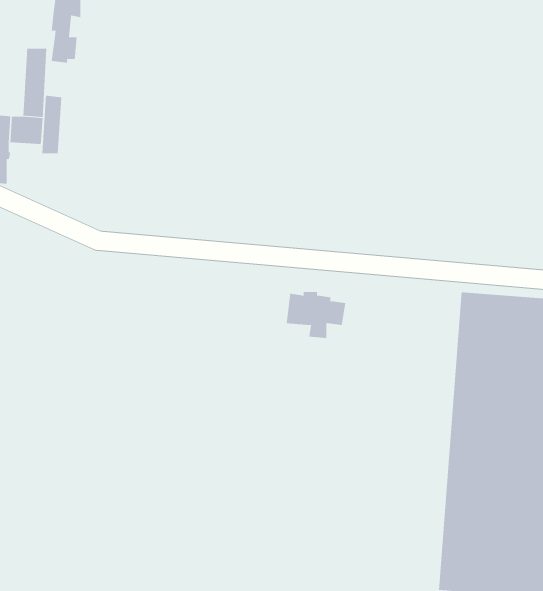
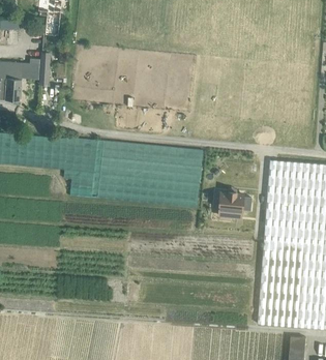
building: [286,291,346,339] -> [218,192,251,218]

